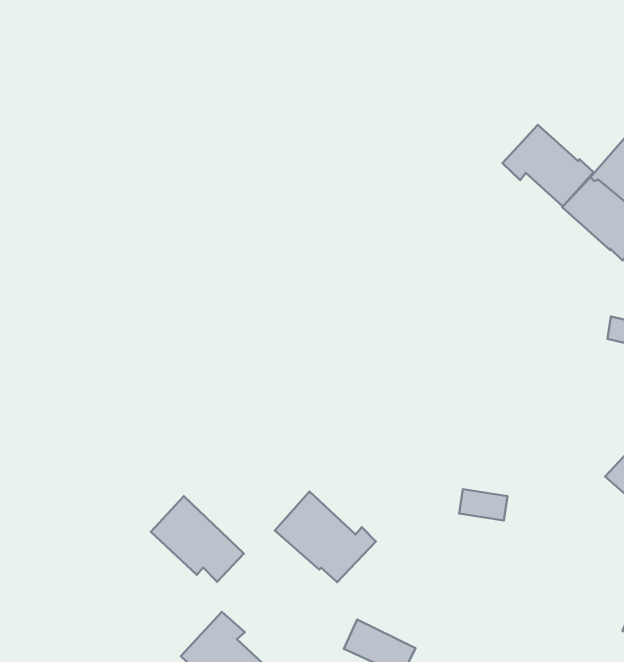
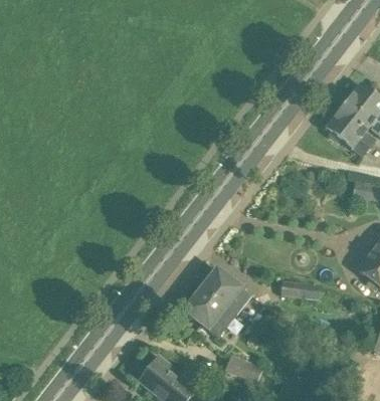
building: [503,125,594,207] -> none
building: [151,496,244,582] -> [201,268,251,313]

